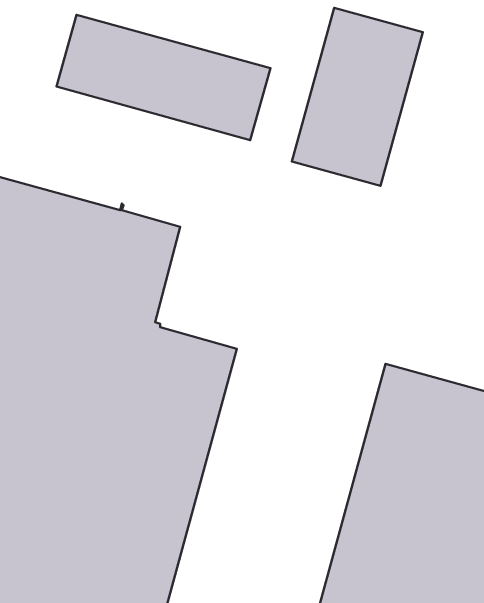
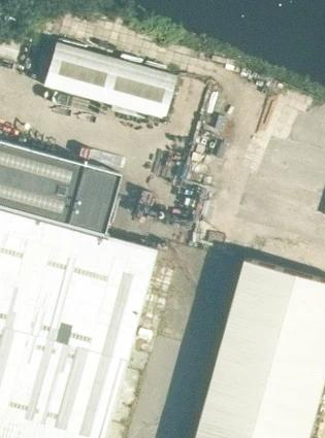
building: [292,8,423,186] -> none

